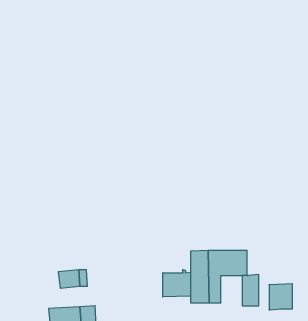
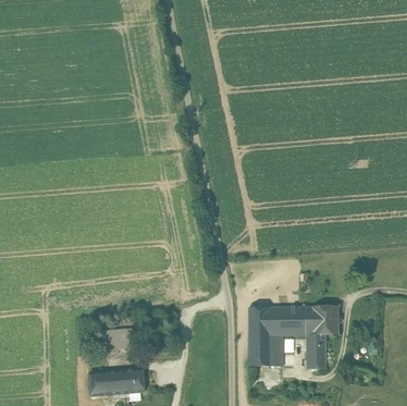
building: [163,270,191,297] -> none
building: [269,284,292,310] -> [312,305,338,334]

